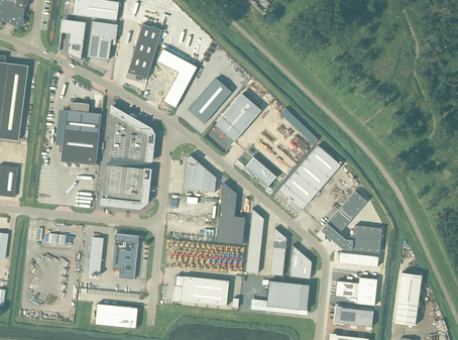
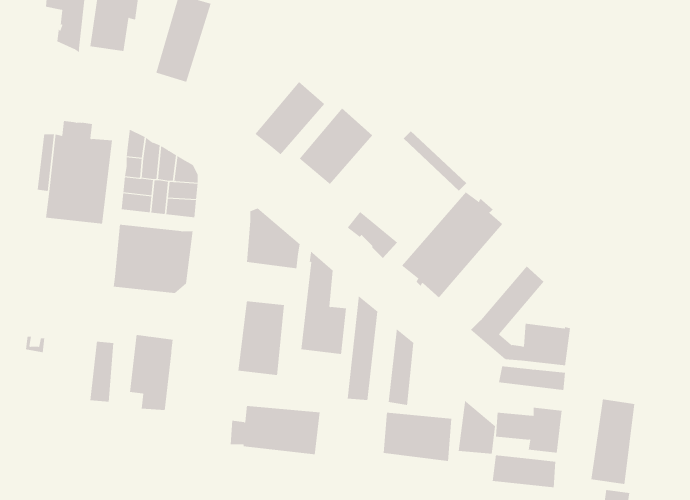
building: [157,49,197,106] -> none
building: none -> [238,300,285,376]
building: [289,245,312,278] -> [458,400,496,454]
building: [96,304,138,328] -> none

